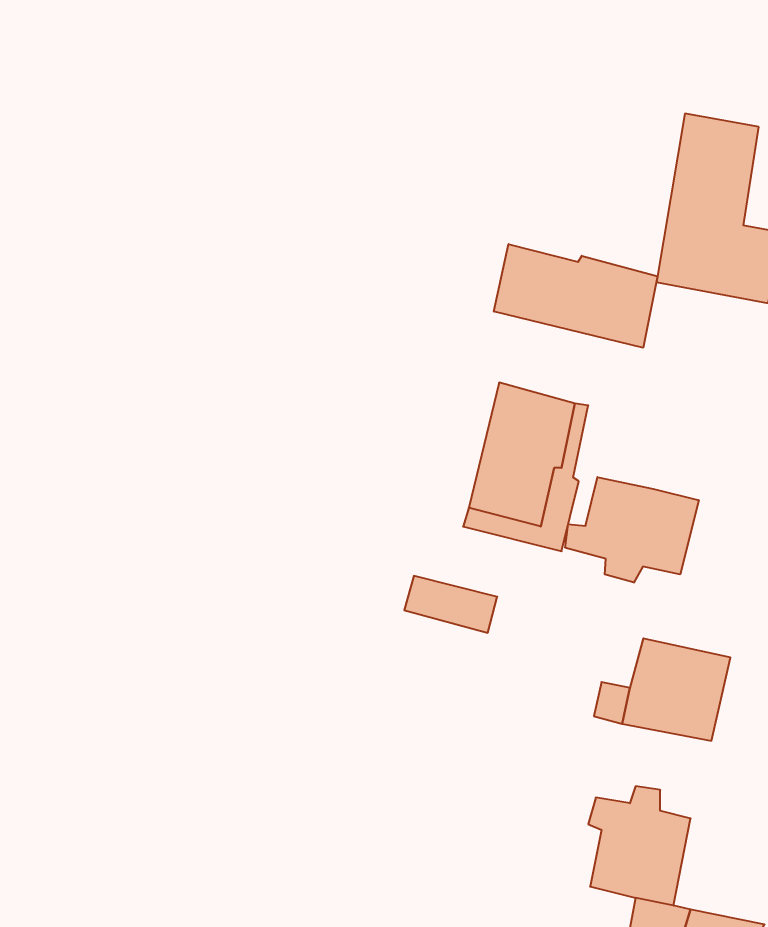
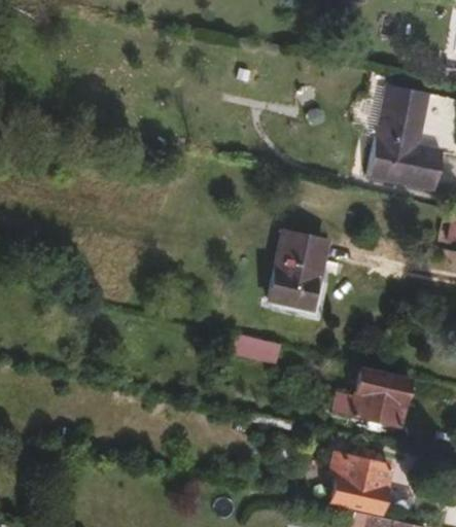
building: [494,244,657,348] -> none
building: [565,477,699,583] -> none

